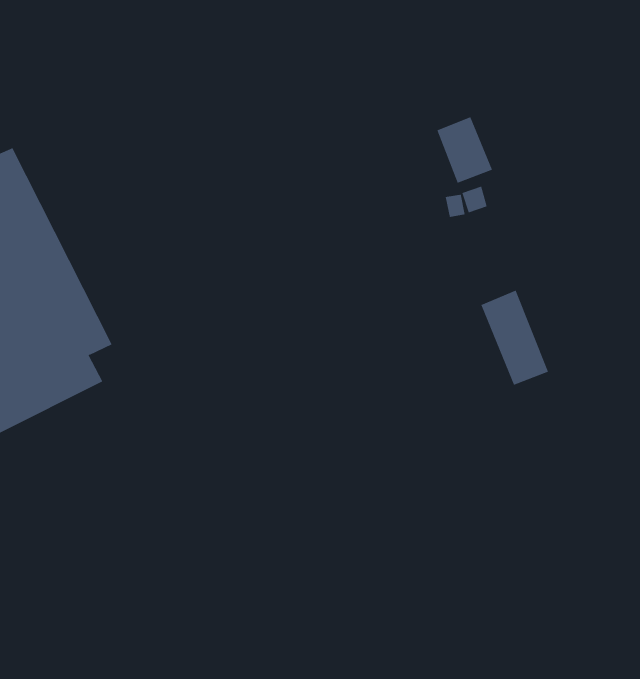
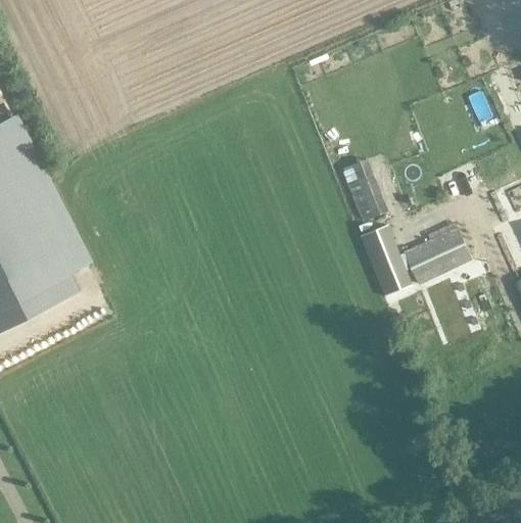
building: [437,117,493,184] -> [346,172,388,222]
building: none -> [402,222,472,285]

